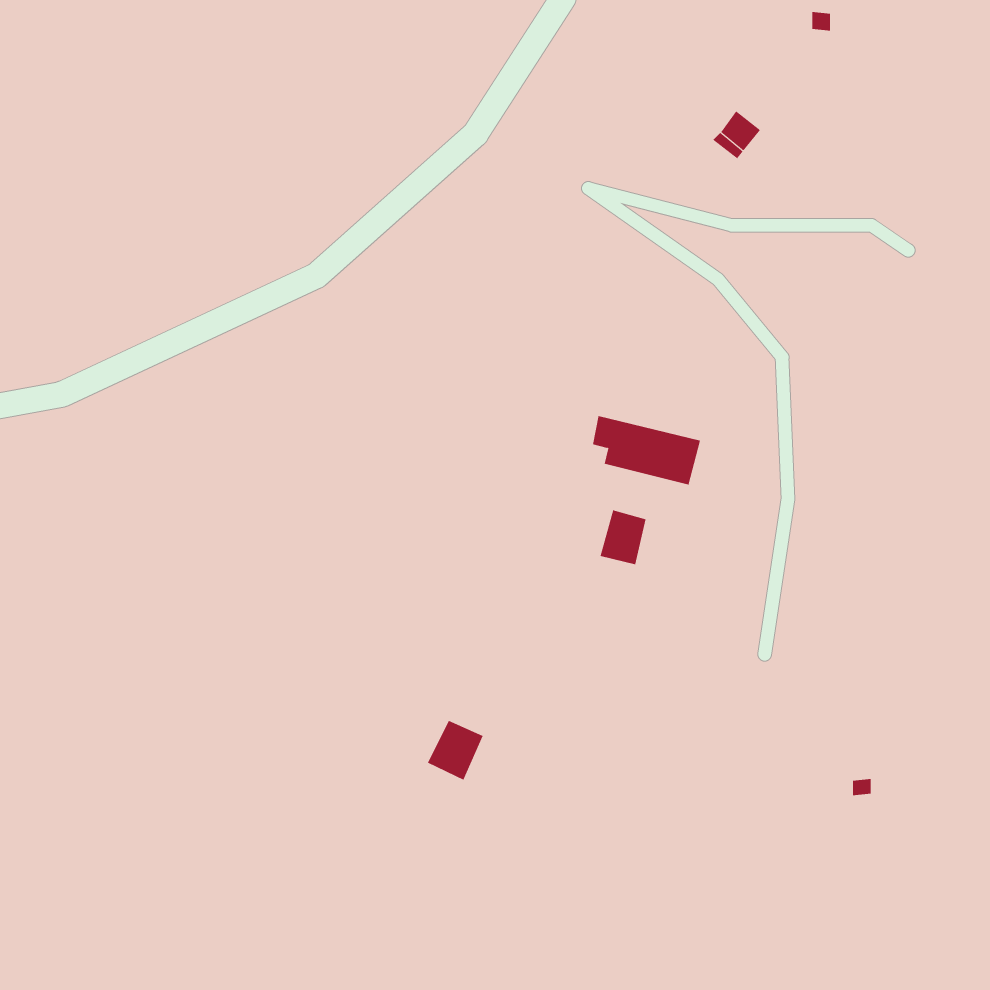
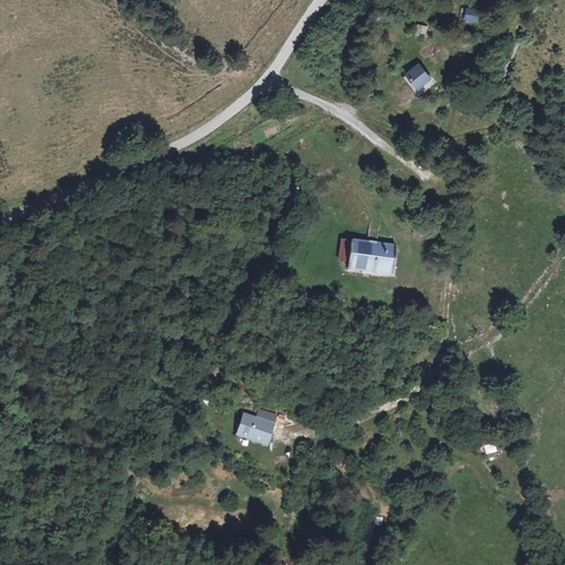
building: [600,510,646,565] -> none

